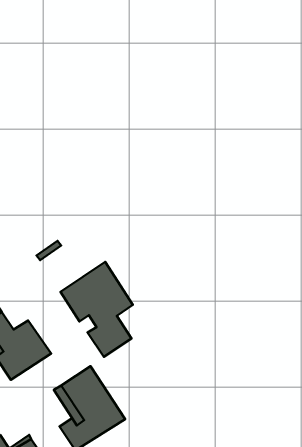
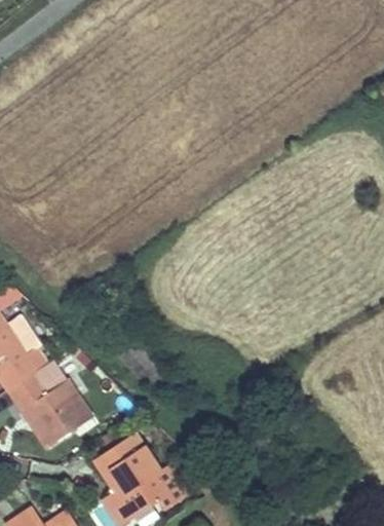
building: [60,262,133,357] -> none

